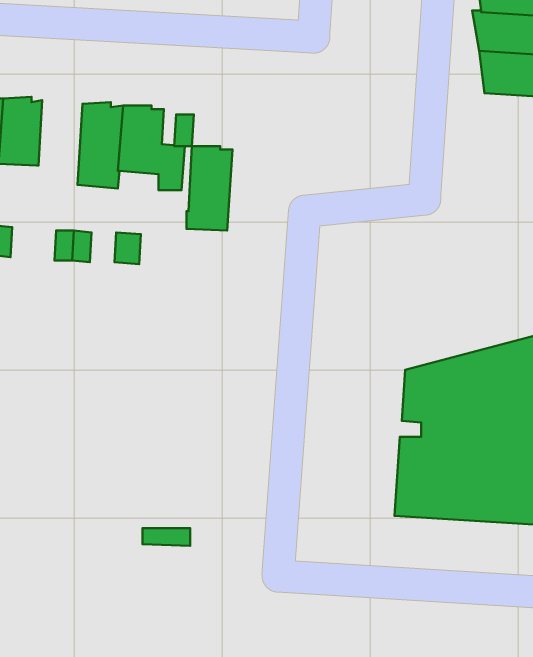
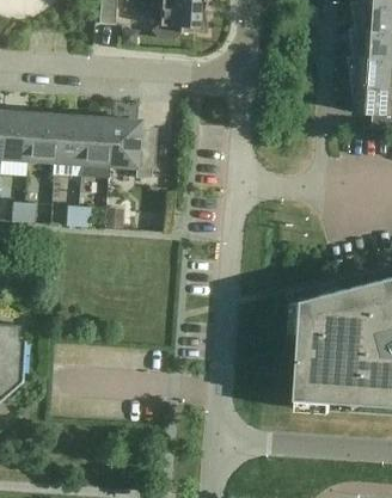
building: [187,146,232,231] -> [53,117,84,174]

